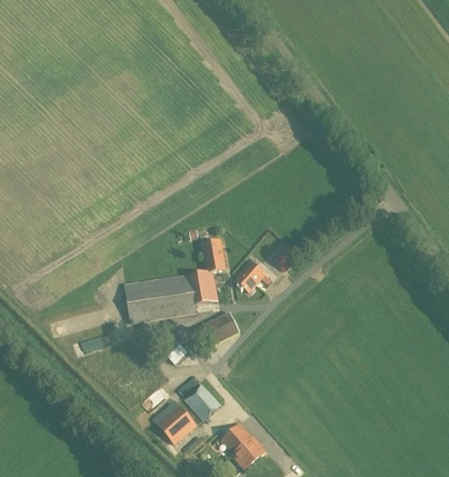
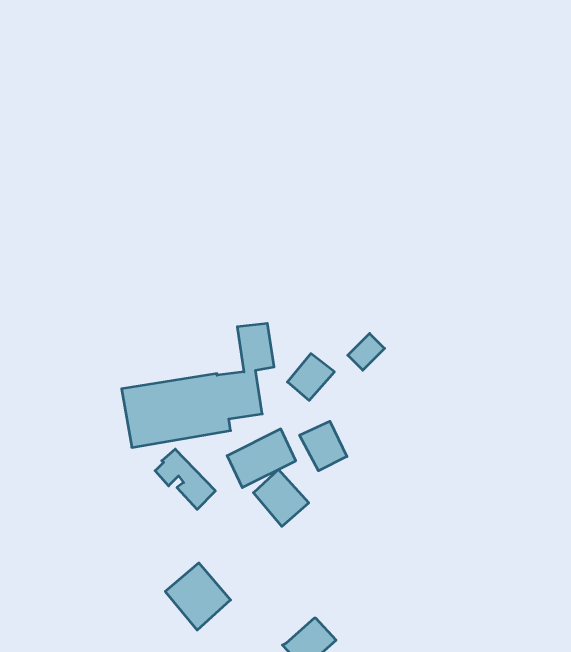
building: none -> [300,421,347,471]
building: [183,382,220,420] -> [253,469,309,526]
building: [220,423,251,453] -> none

